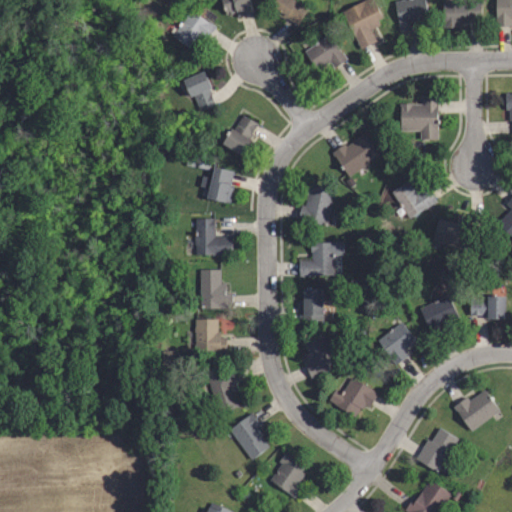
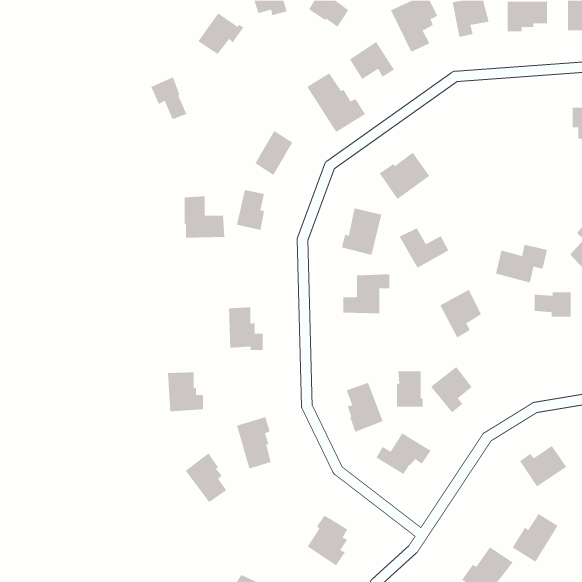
building: none -> [306,72,366,133]
building: [184,72,216,110] -> [151,76,187,120]
building: [403,100,437,140] -> none
building: [393,181,437,217] -> [399,228,449,269]
building: [195,219,231,256] -> [184,196,225,238]
building: [300,289,324,321] -> [396,371,424,407]
building: [421,294,458,337] -> [440,289,482,338]
building: [471,297,504,319] -> [534,292,571,317]
building: [195,318,227,353] -> [167,372,204,412]
building: [231,416,268,460] -> [185,453,227,503]
building: [416,428,457,471] -> [512,513,559,562]

